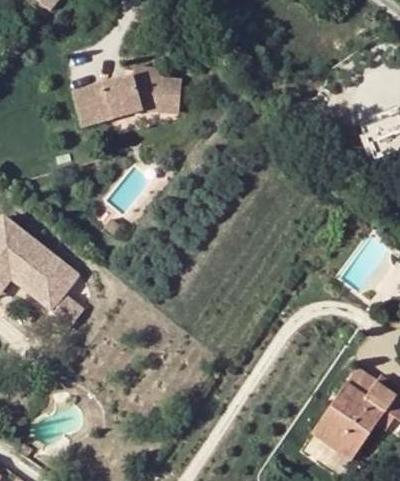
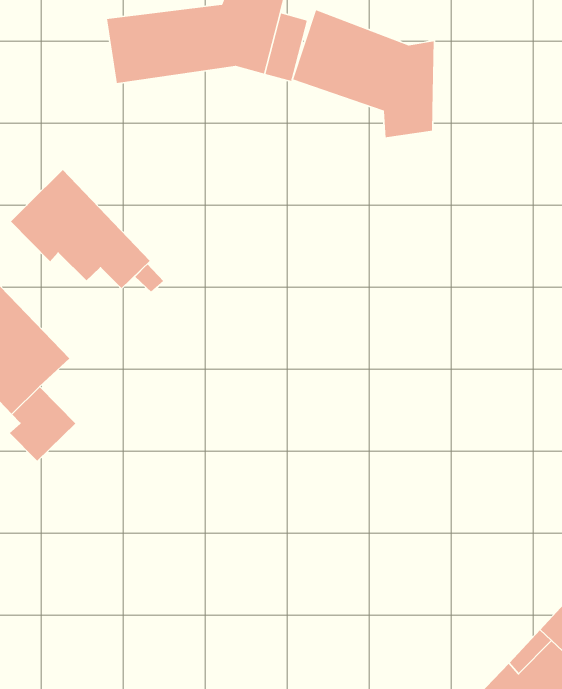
building: none -> [292,9,434,138]
building: none -> [10,169,151,289]

